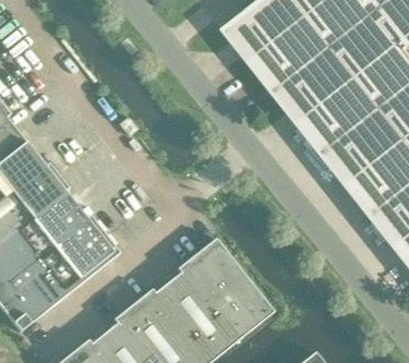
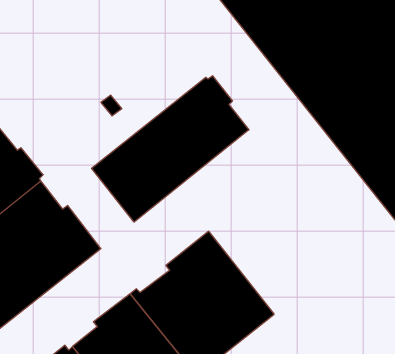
building: none -> [92,76,249,222]

